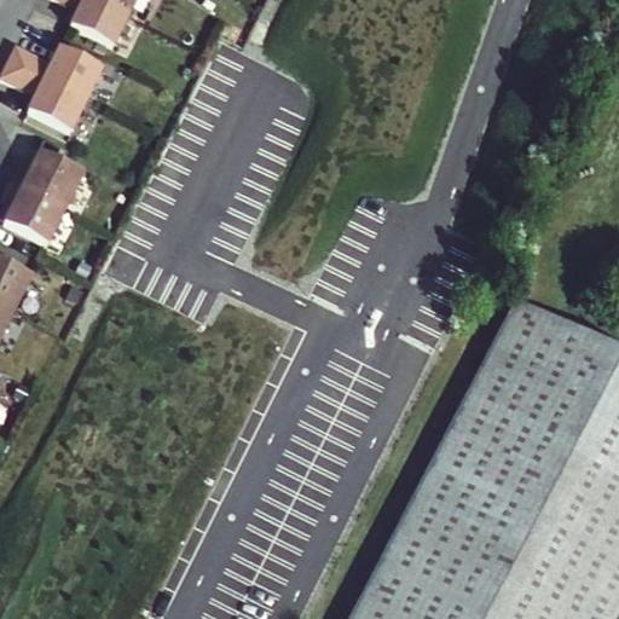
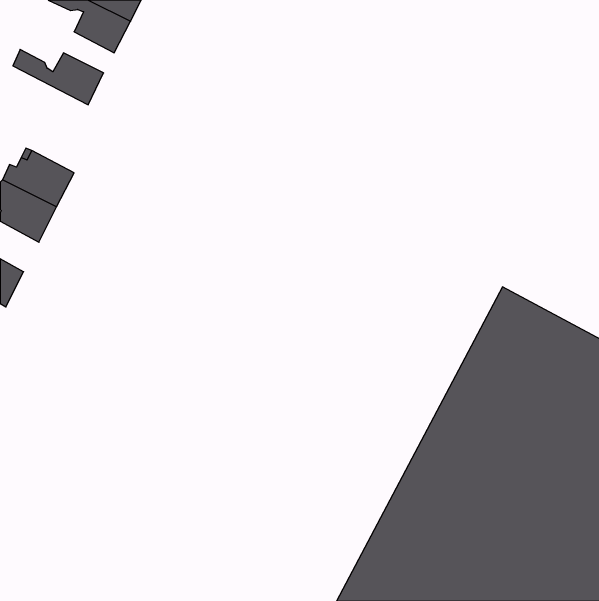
building: [7,68,93,139] -> none

